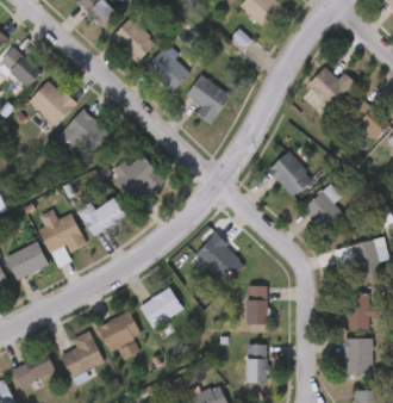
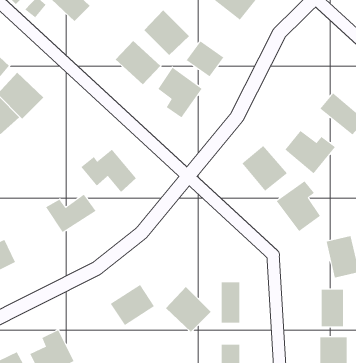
building: [112,17,157,62] -> [144,9,190,56]
building: none -> [186,40,224,77]
building: [308,66,358,108] -> [284,130,336,174]
building: [52,108,108,156] -> none
building: [39,210,83,253] -> none
building: [197,232,242,278] -> [165,286,212,332]
building: [99,310,141,358] -> none

